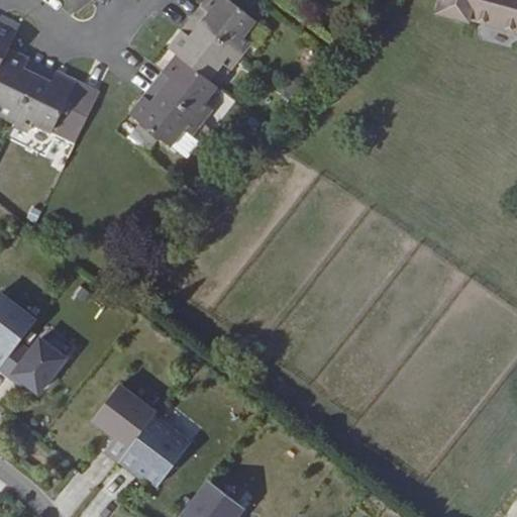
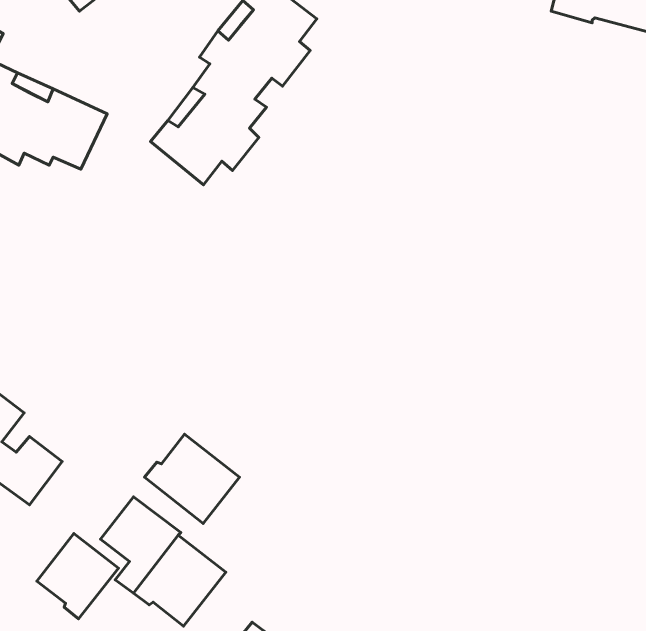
building: none -> [145,434,239,523]
building: none -> [37,533,118,619]

